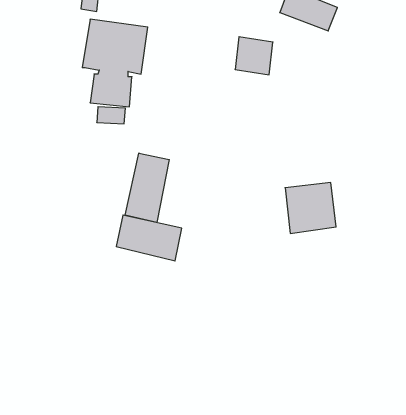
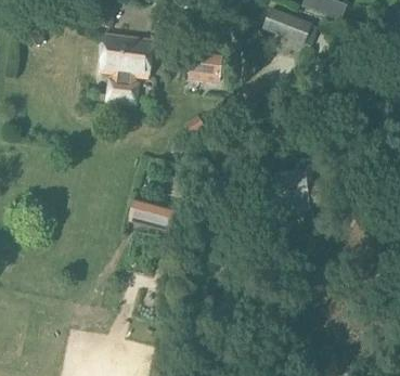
building: [235,37,273,75] -> [190,50,221,81]
building: [125,153,169,222] -> none

